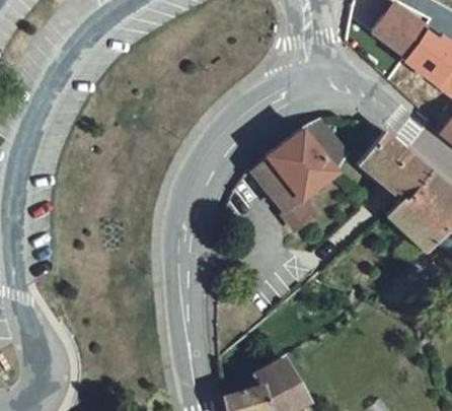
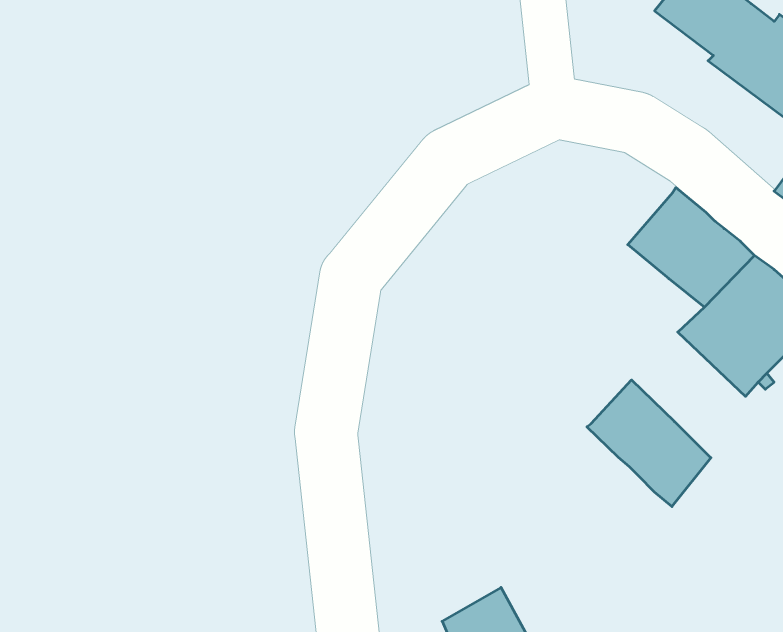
building: [252,120,349,228] -> none
building: none -> [587,380,711,507]

